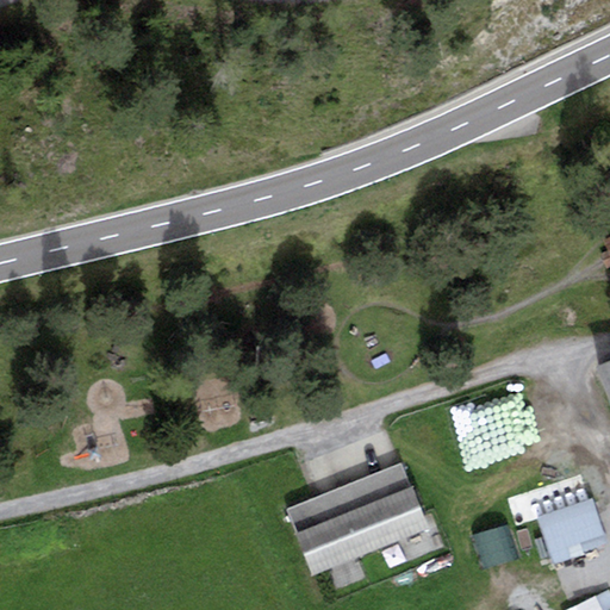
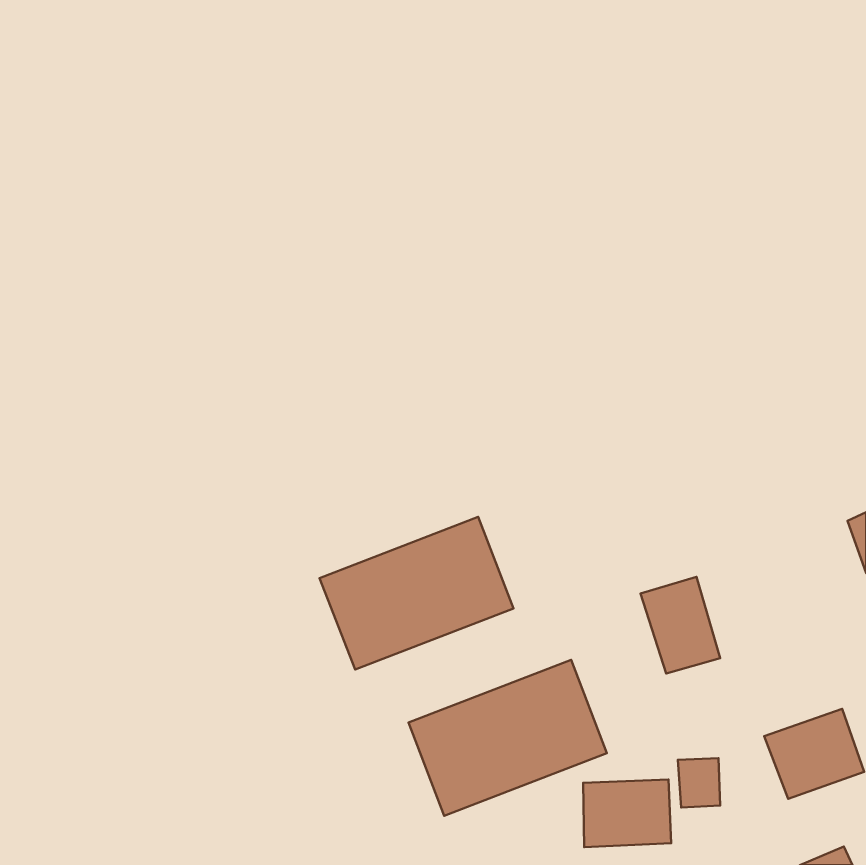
building: none -> [319,517,514,670]
building: none -> [583,780,671,847]

